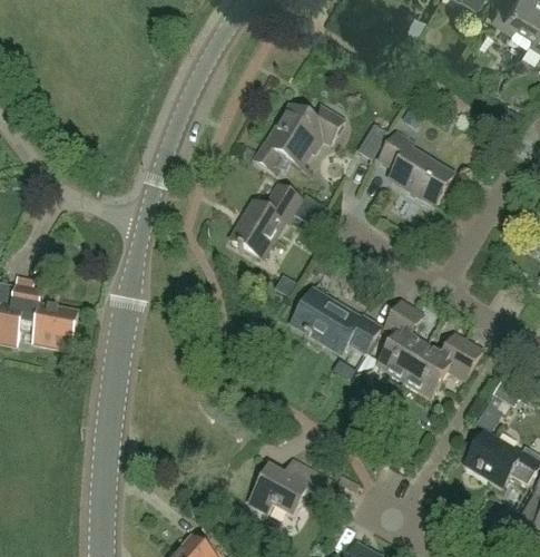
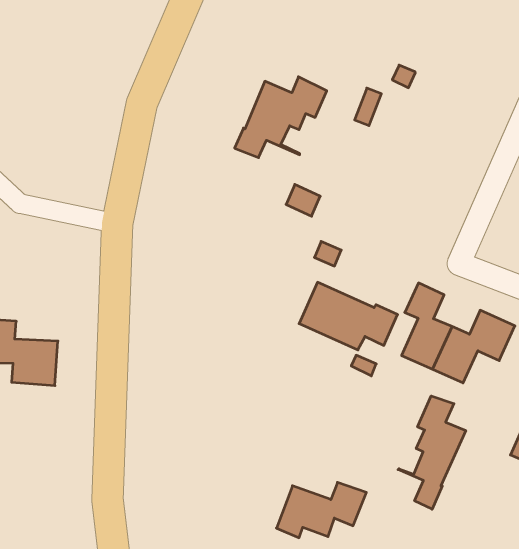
building: [377,129,452,205] -> none
building: [232,184,302,257] -> none
building: none -> [398,396,466,509]

